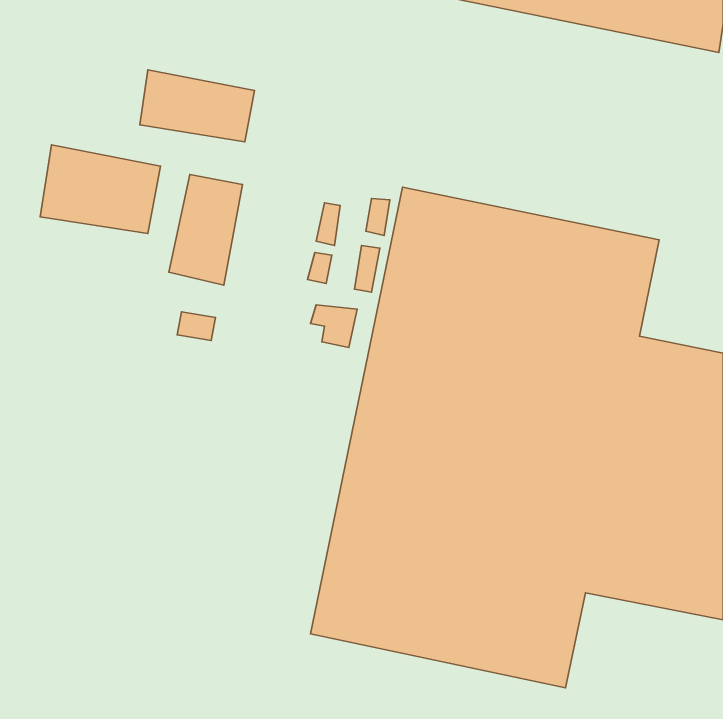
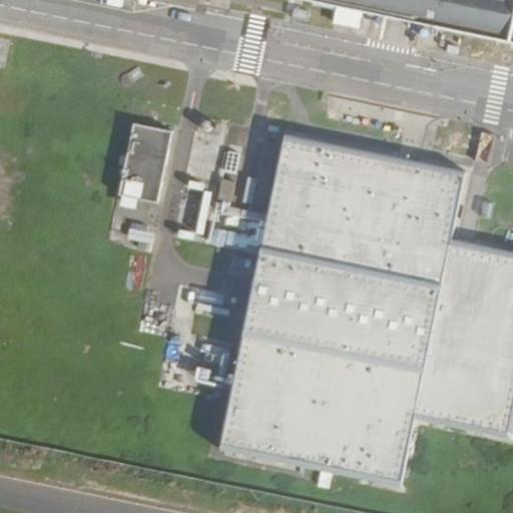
building: [140,70,255,142] -> none
building: [40,145,161,234] -> none

